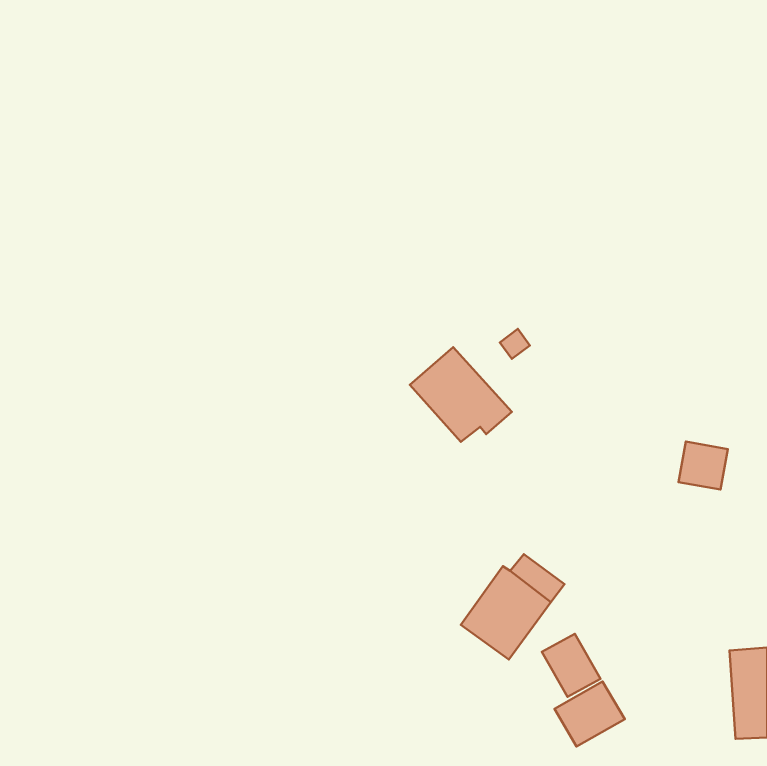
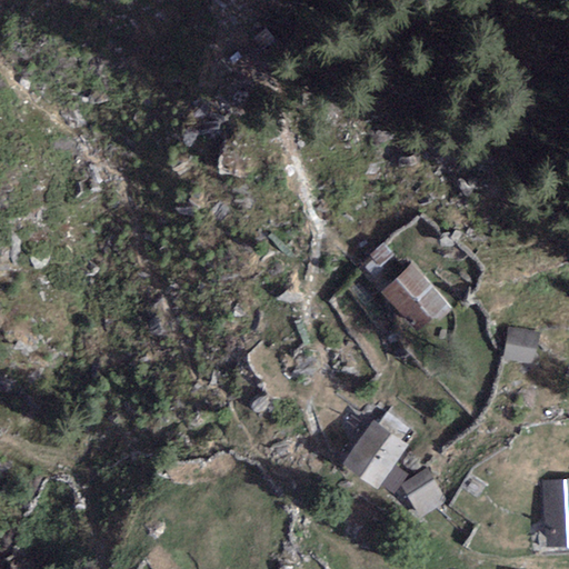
building: [410,347,512,442] -> [380,261,456,331]
building: [554,681,625,747] -> none

